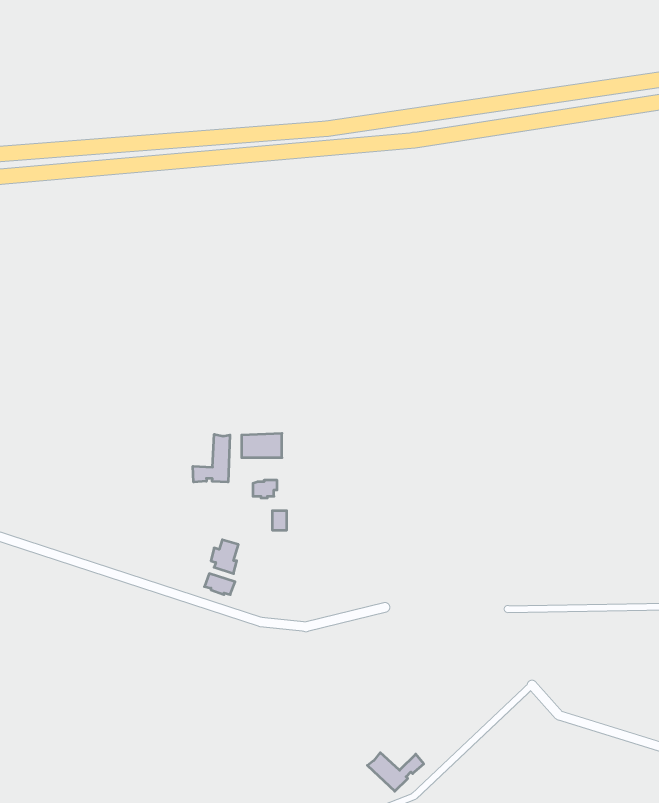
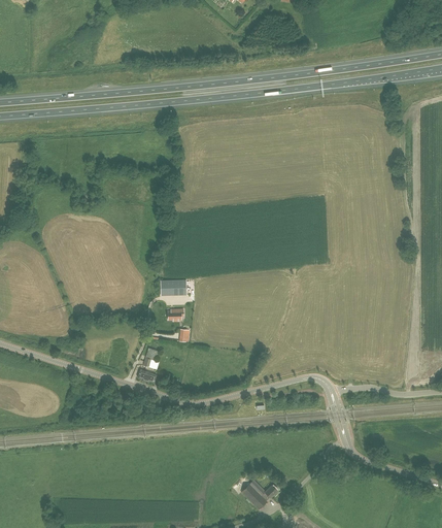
building: [193,434,230,482] -> none

